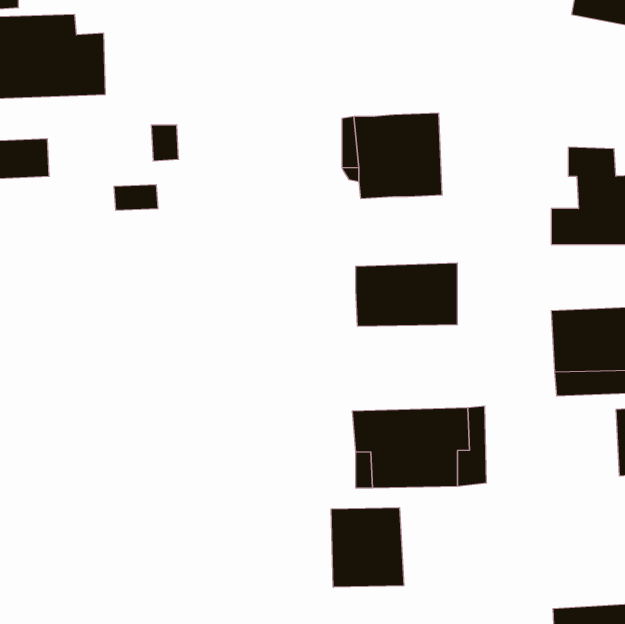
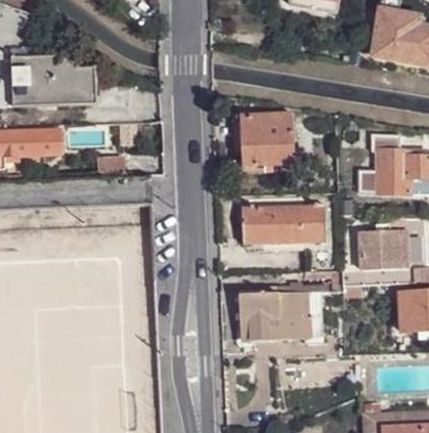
building: none -> [304,204,327,241]
building: [331,508,404,587] -> none

